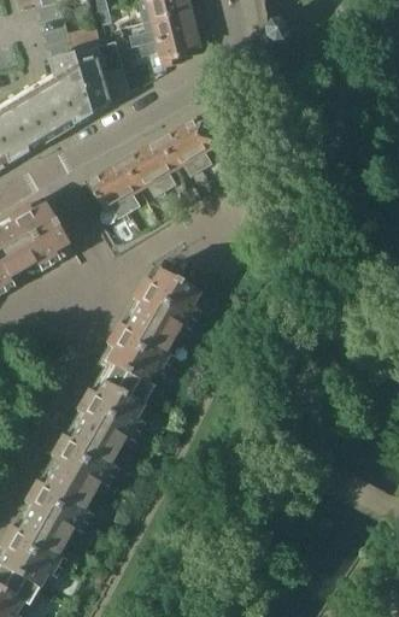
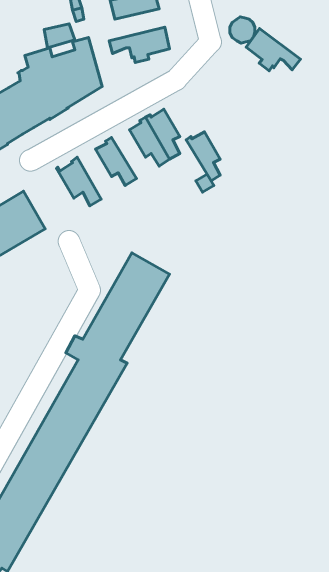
building: [128,11,196,46] -> none
building: none -> [246,28,301,71]
building: [140,139,176,190] -> [186,132,220,181]
building: [104,159,140,212] -> none

